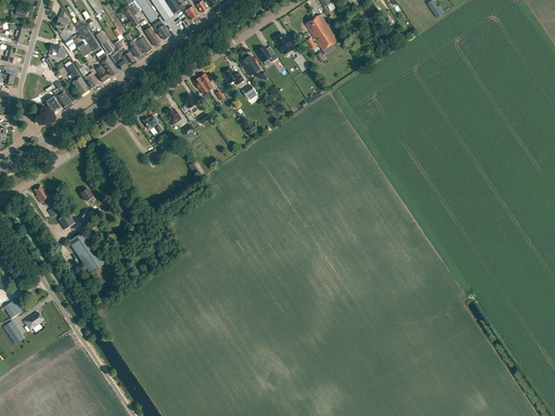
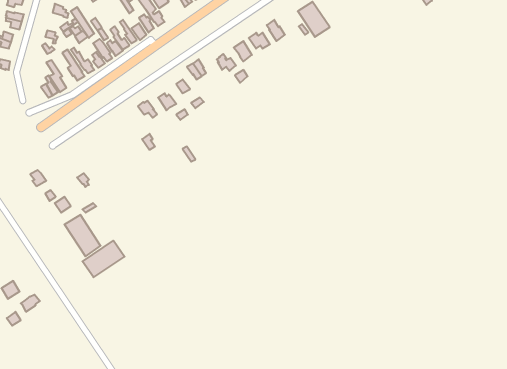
building: none -> [82,241,125,277]

